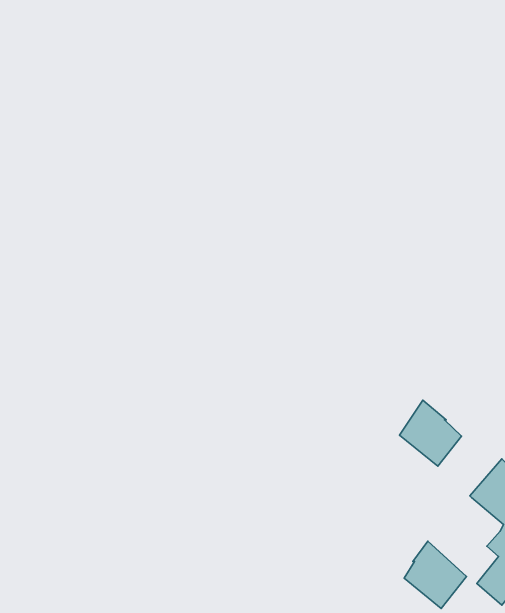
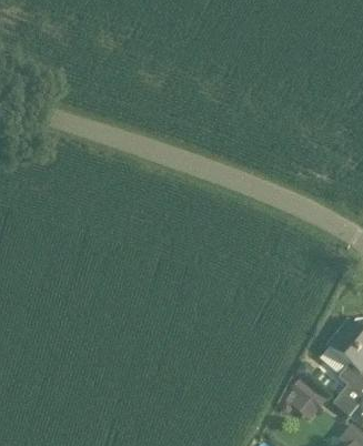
building: [400,400,462,466] -> none

